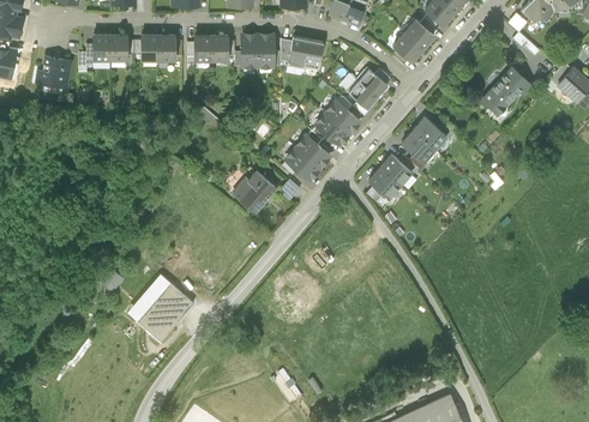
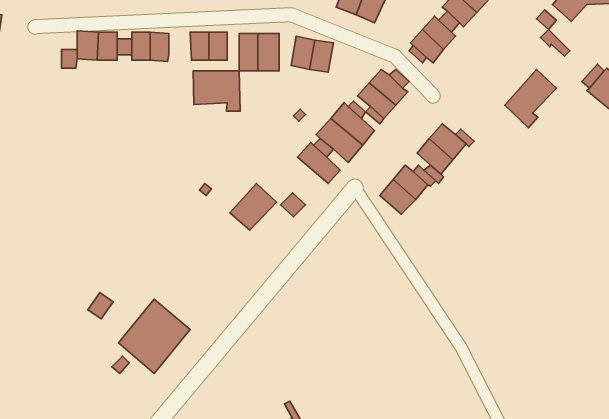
building: [36,55,72,86] -> none
building: none -> [193,71,240,111]
building: [280,146,319,183] -> none

